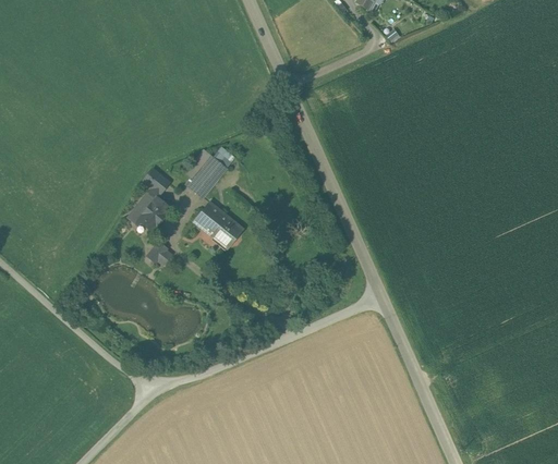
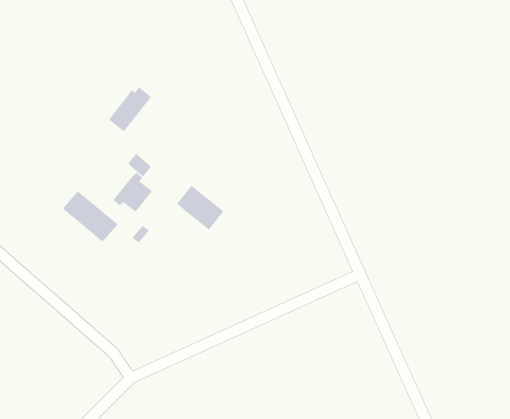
building: [185,150,230,197] -> [108,86,152,132]
building: none -> [62,191,118,242]

